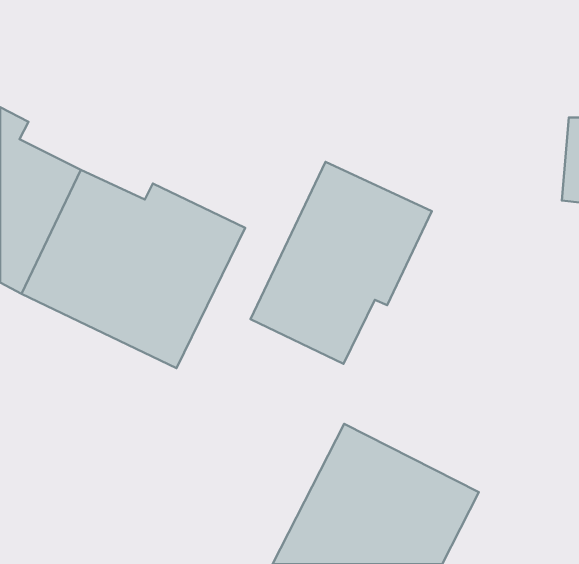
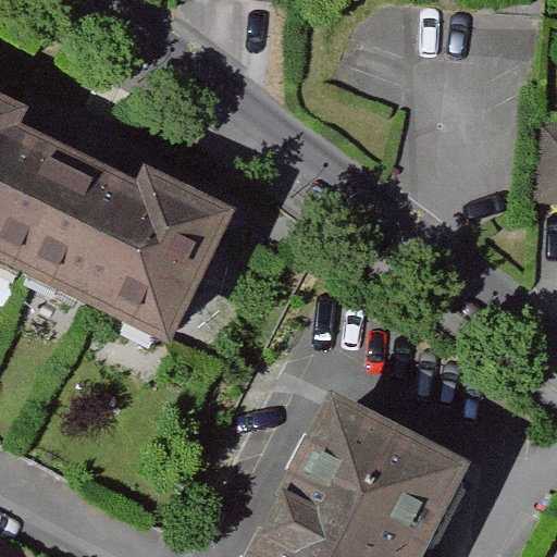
building: [250,162,432,364] -> none

